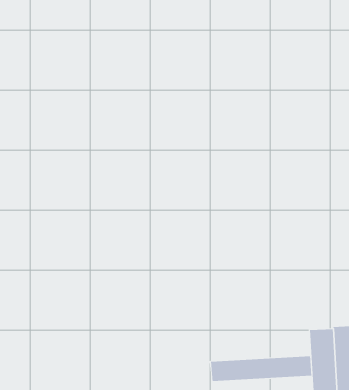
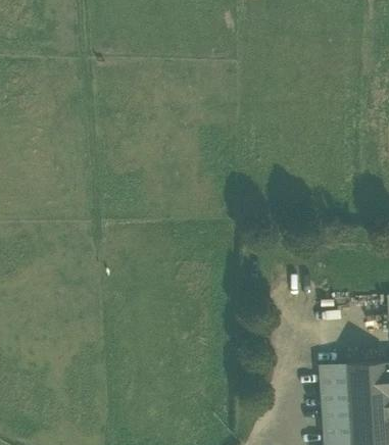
building: [211,356,312,382] -> none

